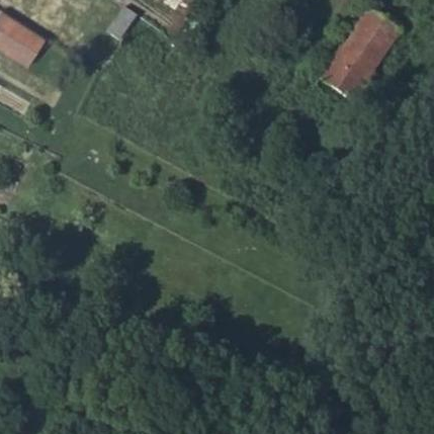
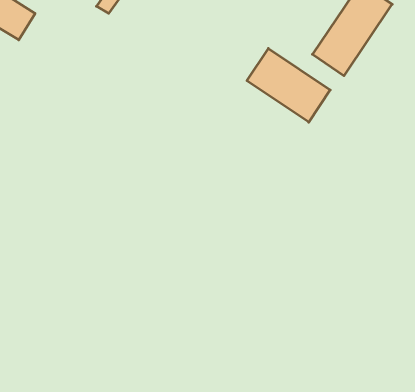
building: none -> [247,48,330,122]

